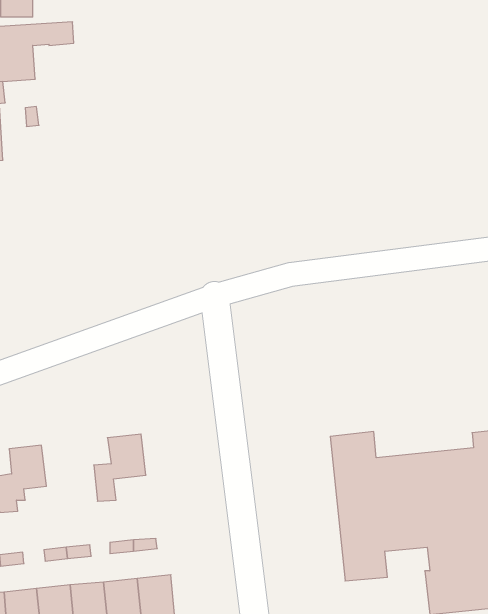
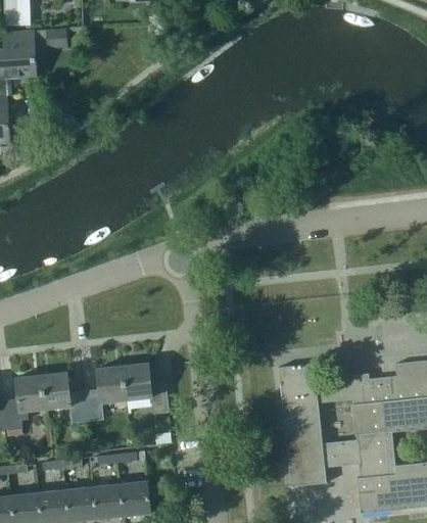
building: none -> [123,363,169,414]
building: none -> [41,372,87,423]

